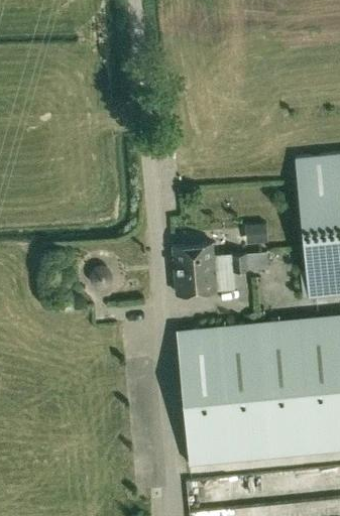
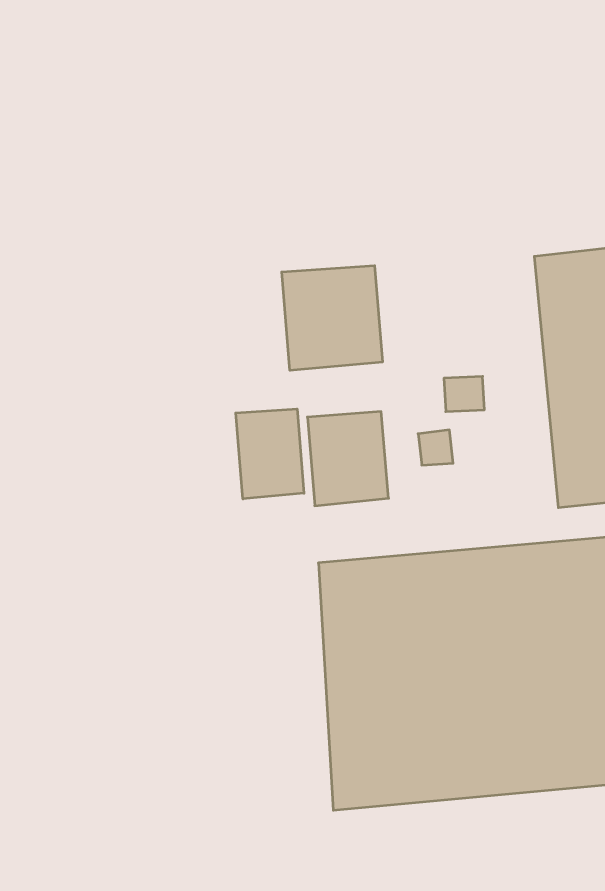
building: none -> [282,266,382,370]
building: none -> [236,409,304,499]

